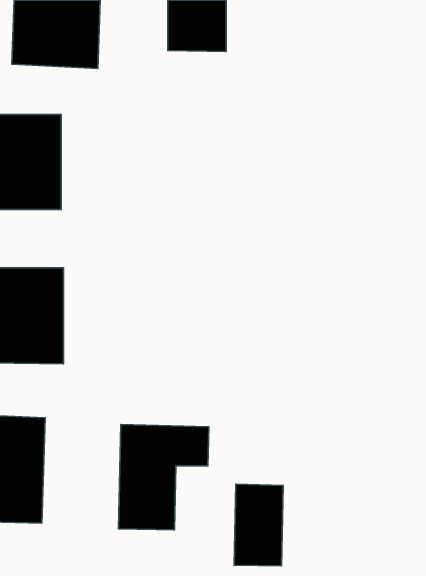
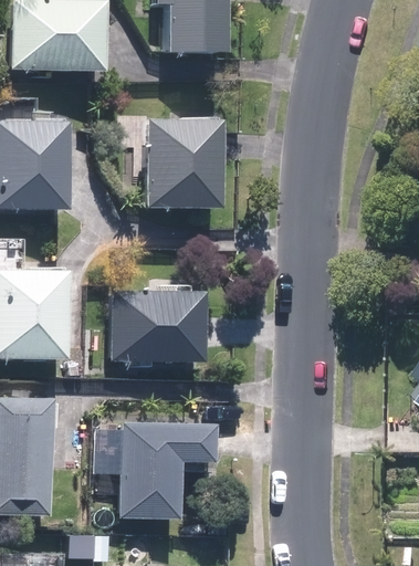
building: none -> [149,128,219,206]
building: none -> [116,292,205,360]
building: [234,484,283,566] -> none

